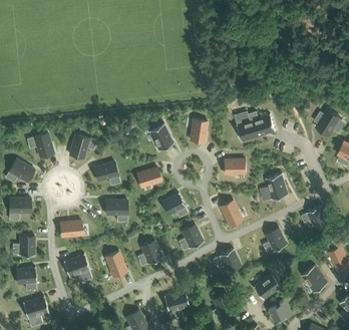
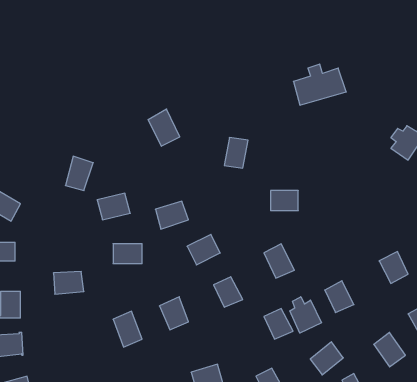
building: [236,111,276,142] -> [293,64,346,105]
building: [148,123,172,151] -> [148,109,180,146]
building: [32,132,54,158] -> none
building: [265,174,287,200] -> none
building: none -> [290,297,321,333]
building: [62,254,89,278] -> none

